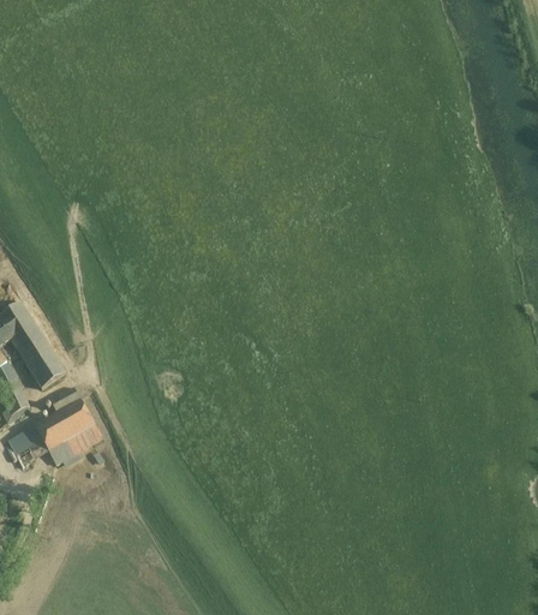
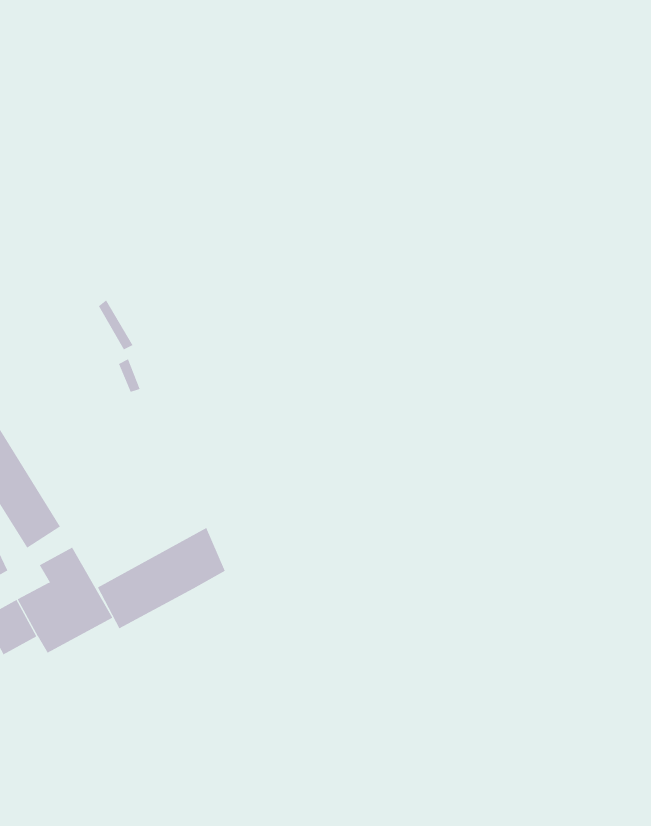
building: none -> [97,527,225,629]

